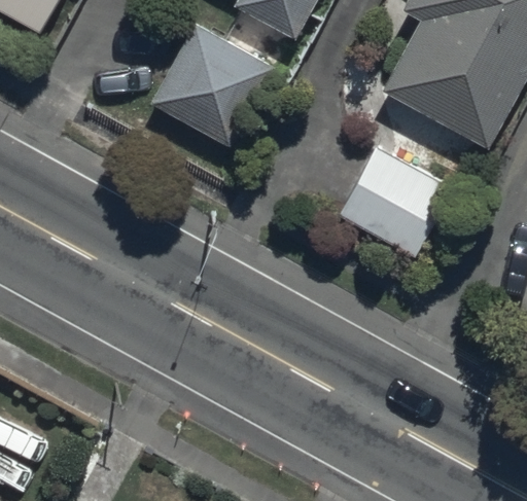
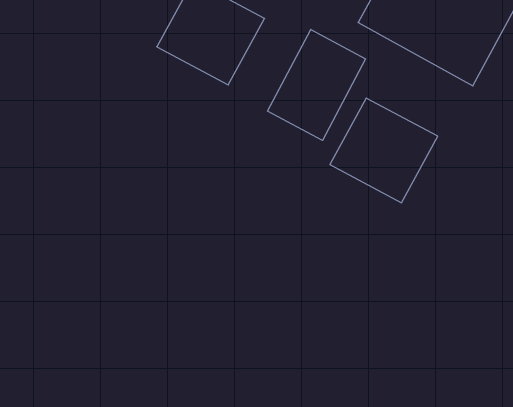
building: none -> [268,29,366,140]

